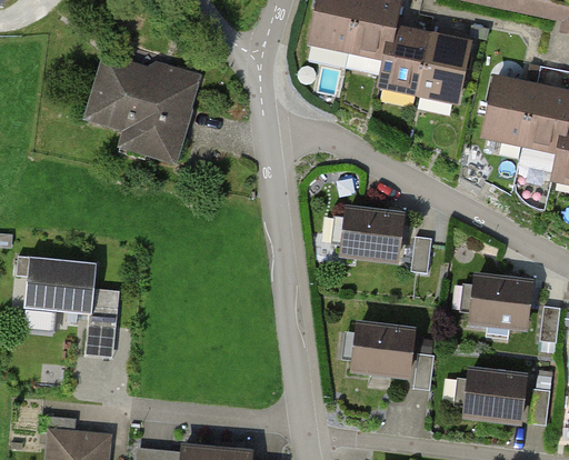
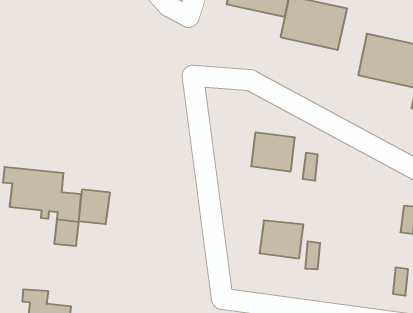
building: [88,58,194,157] -> none
building: [471,277,529,328] -> none
building: none -> [79,189,110,224]
building: [465,370,523,421] -> none

